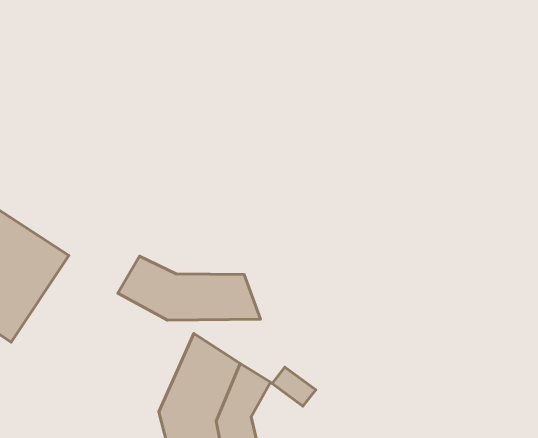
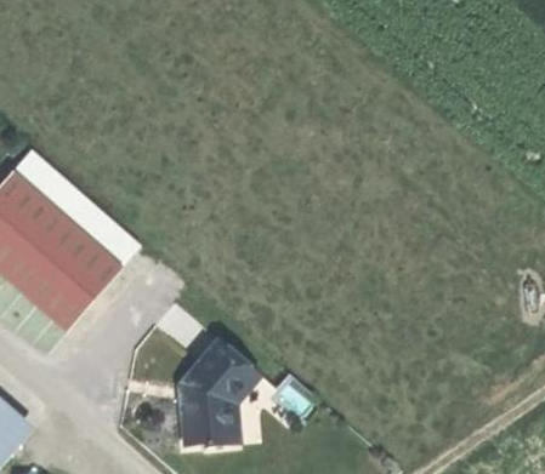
building: [118,256,260,320] -> none

